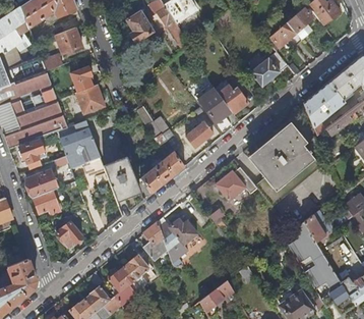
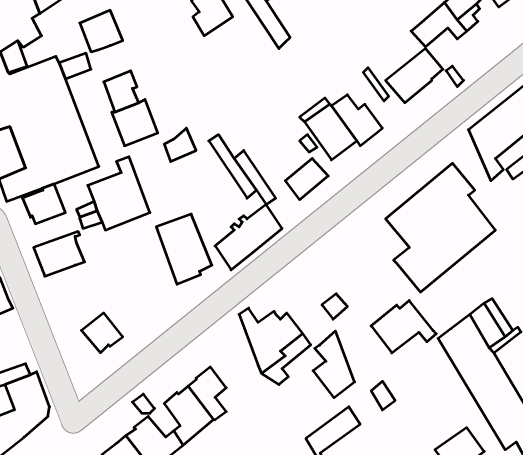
building: [216,167,257,201] -> [371,300,436,353]
building: [33,190,60,214] -> none
building: [142,221,169,264] -> [313,331,355,398]

